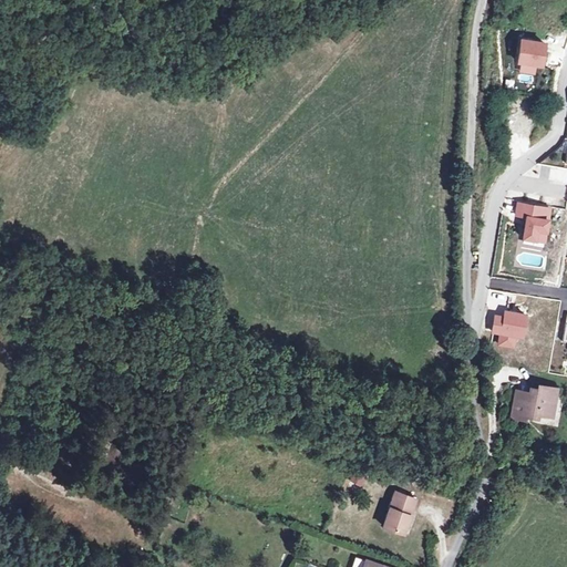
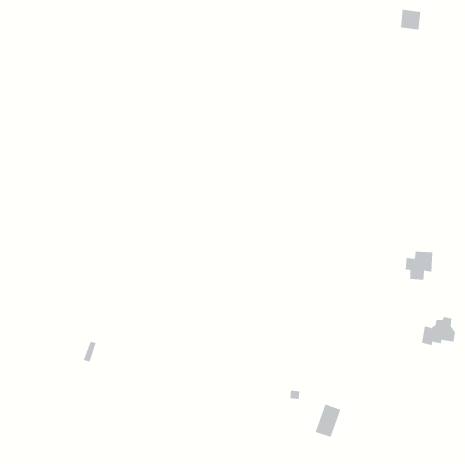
building: [518,41,544,66] -> [400,9,421,30]
building: [516,205,549,243] -> none

